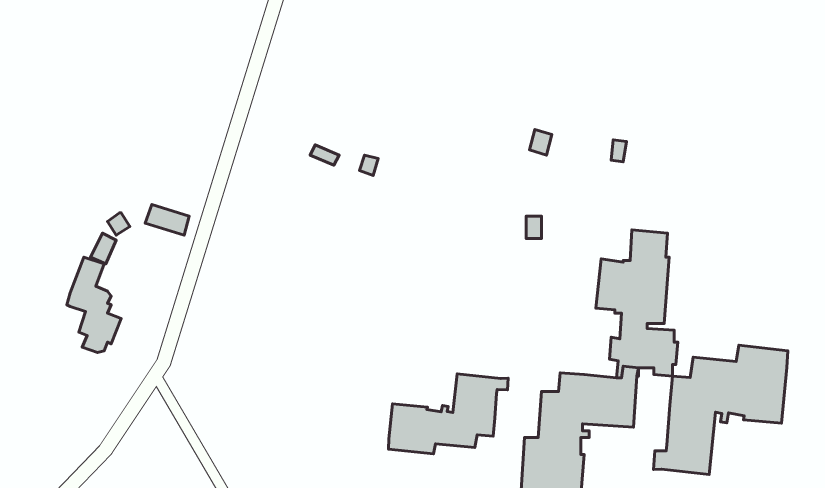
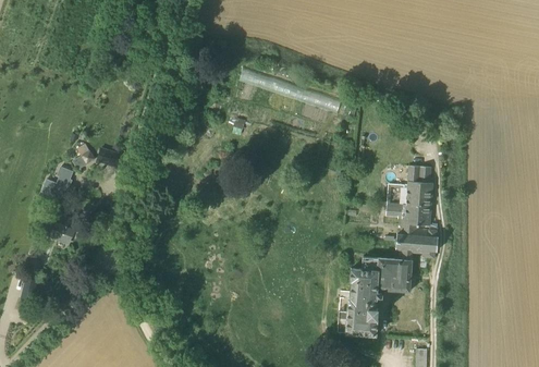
building: [654,345,788,474] -> none
building: [388,374,508,454] -> none

